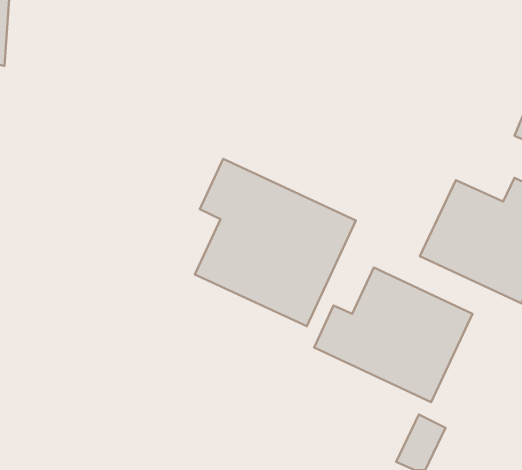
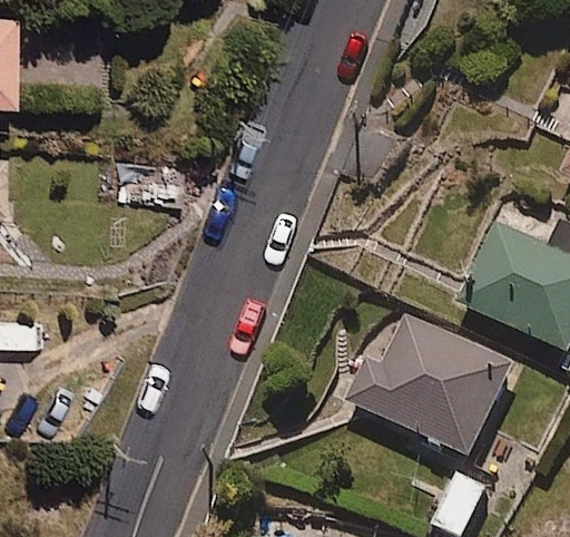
building: [195,159,356,326] -> none

